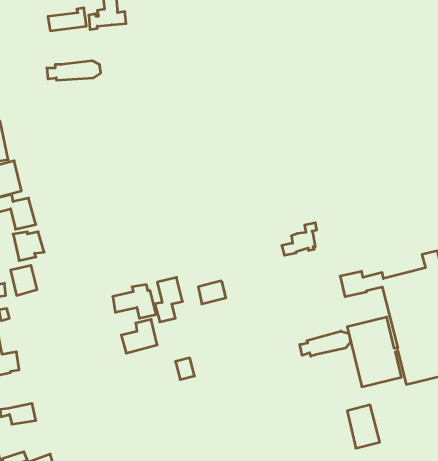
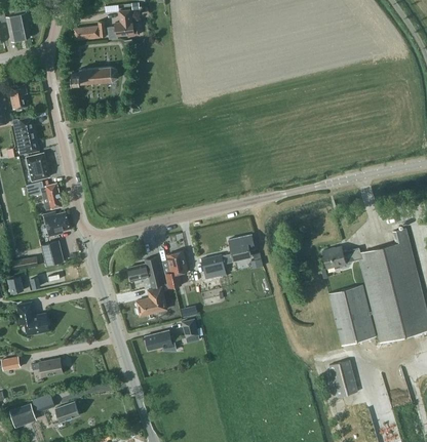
building: [282,223,317,255] -> [222,236,251,264]
building: [300,331,351,356] -> none
building: none -> [145,331,176,351]

